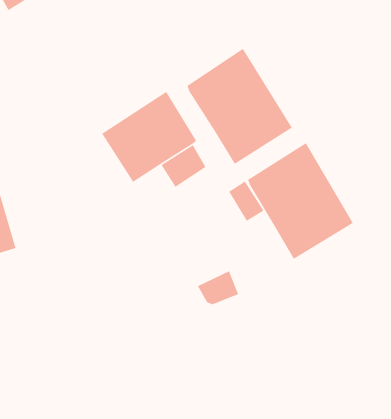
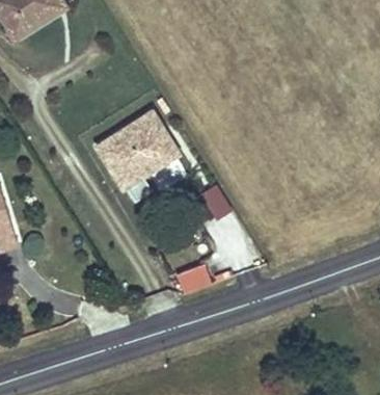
building: [186,48,293,165] -> none
building: [247,142,354,260] -> none

